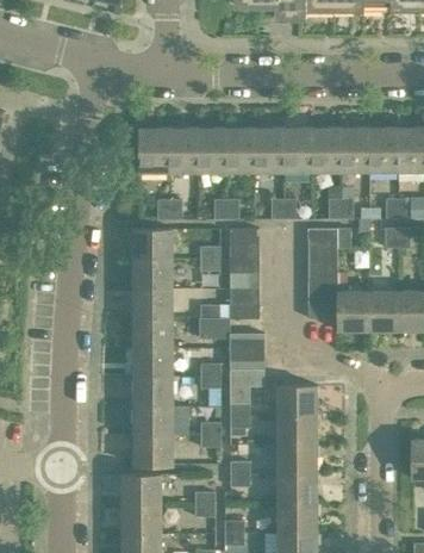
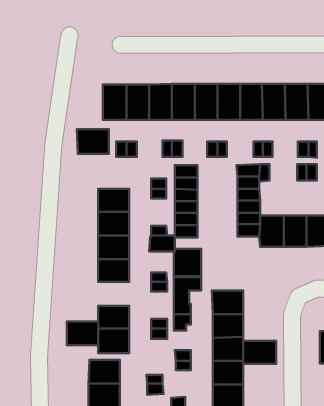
building: [132,228,173,259] -> [77,129,109,154]
building: [133,375,173,405] -> [67,322,98,345]
building: none -> [243,341,276,364]

